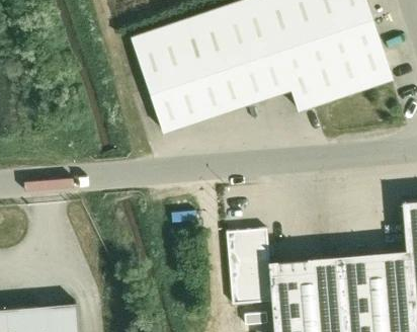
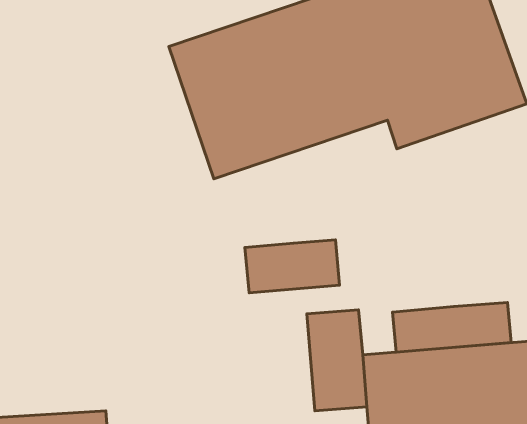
building: none -> [245,240,340,293]
building: none -> [392,302,511,352]

